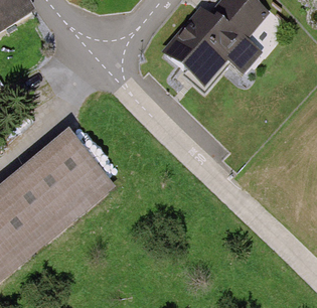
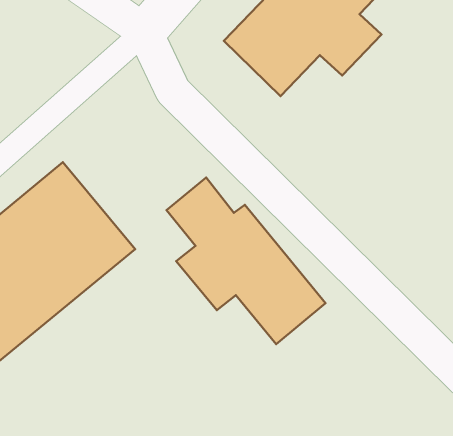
building: none -> [166,177,326,344]

